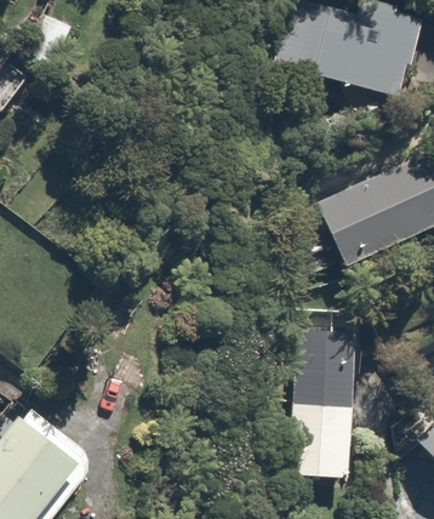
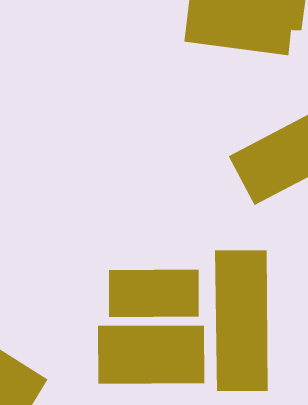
building: none -> [108,269,199,318]
building: none -> [97,325,205,385]

